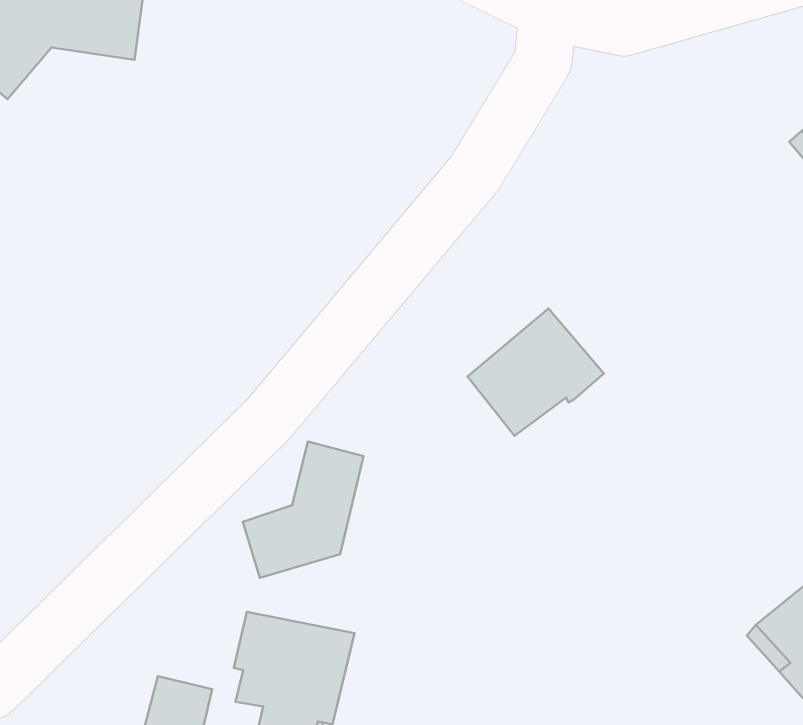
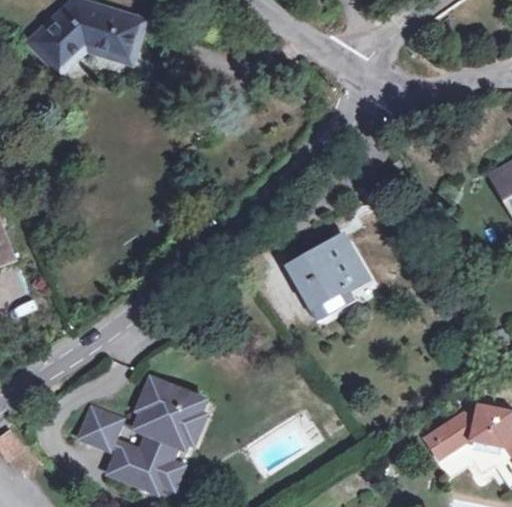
building: none -> [307,287,355,325]
building: [243,442,363,578] -> none

